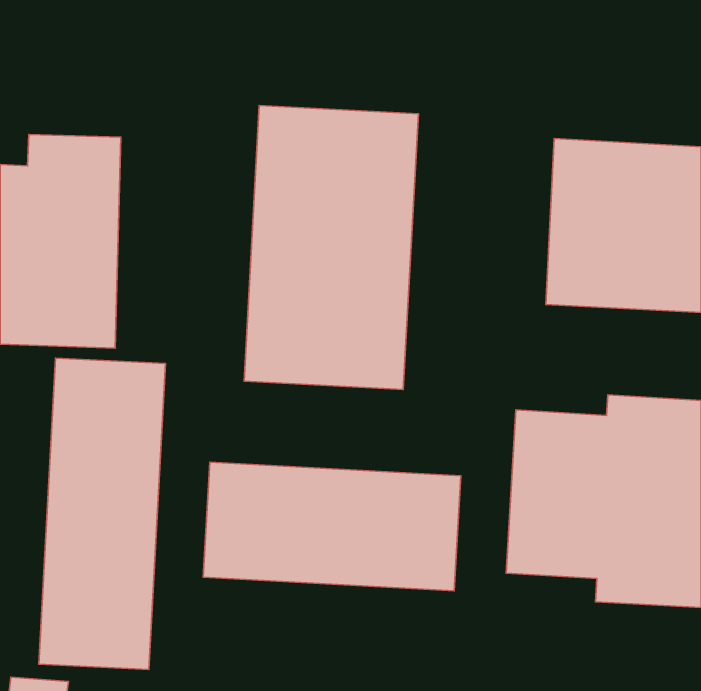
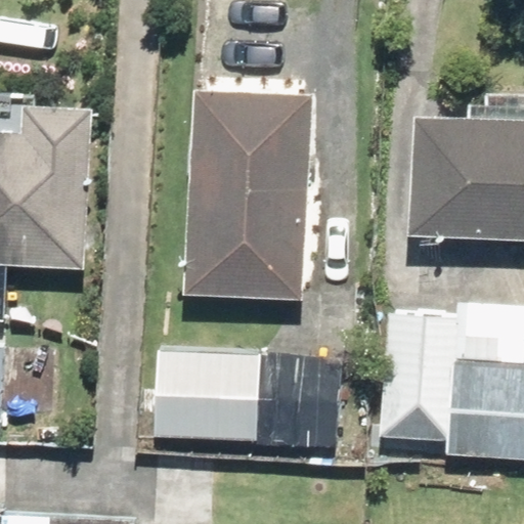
building: [39,358,166,670] -> none

